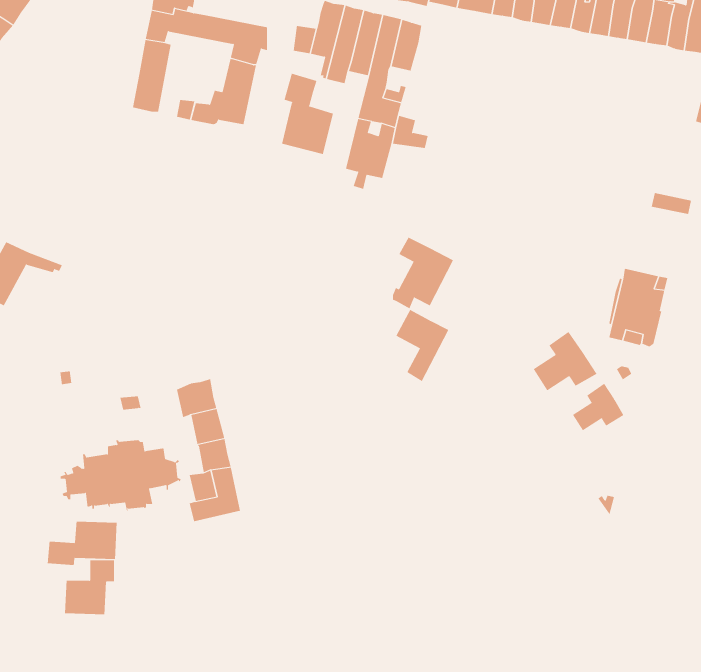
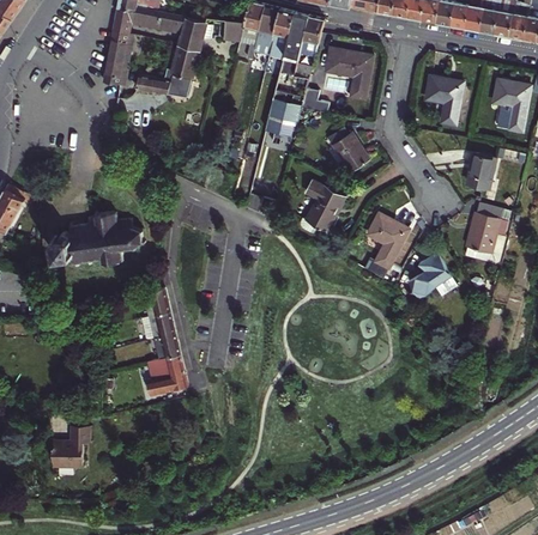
building: none -> [324,47,374,102]
building: [281,73,334,155] -> none
building: none -> [424,77,463,126]
building: none -> [492,80,530,132]
building: none -> [328,128,369,172]
building: none -> [466,154,495,189]
building: [395,309,449,382] -> [367,214,407,269]
building: [572,383,624,431] -> none
building: [60,438,181,511] -> [52,212,144,267]
building: [47,521,117,566] -> none

